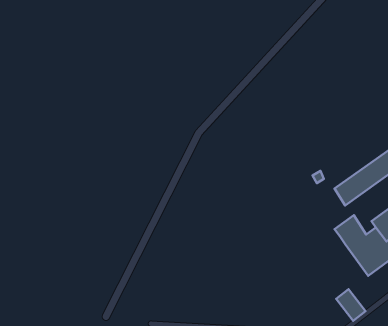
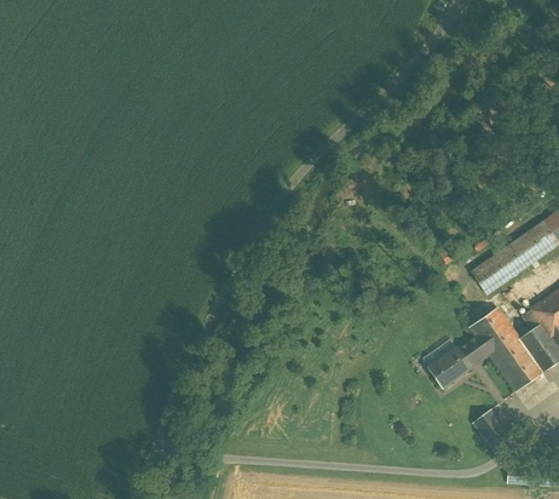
building: none -> [430,335,486,388]

